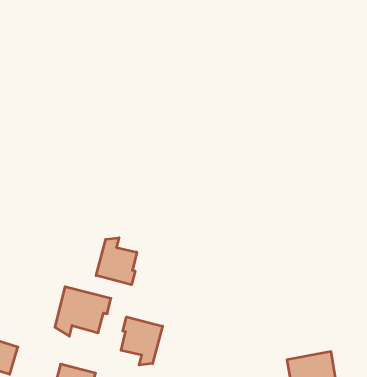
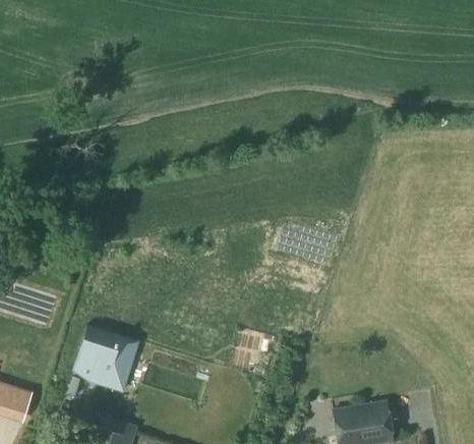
building: [96,238,137,285] -> none
building: [121,317,163,365] -> none

